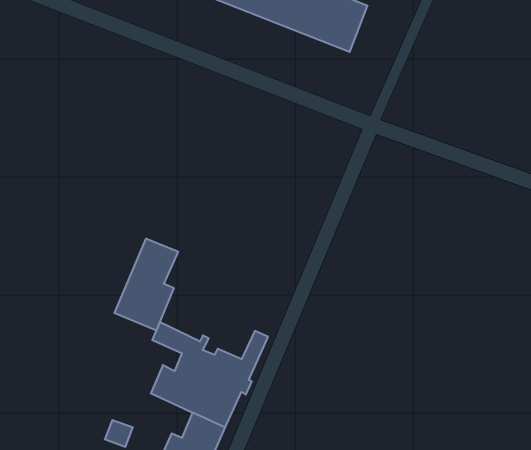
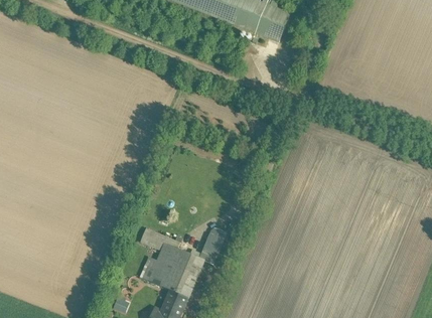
building: [114,239,178,331] -> none

